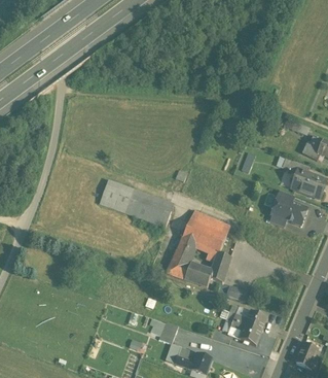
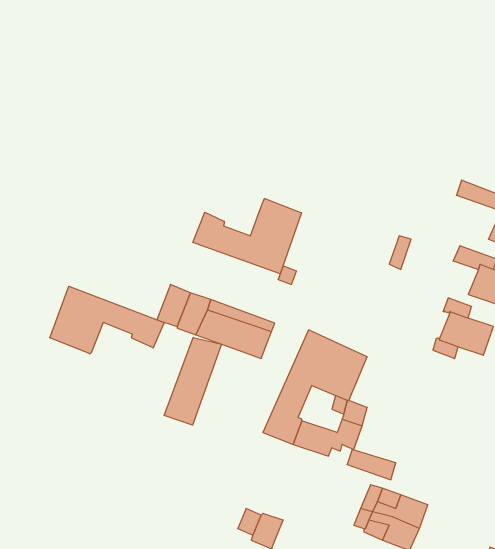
building: none -> [193,199,301,274]
building: none -> [50,286,164,354]
building: none -> [164,337,222,425]

